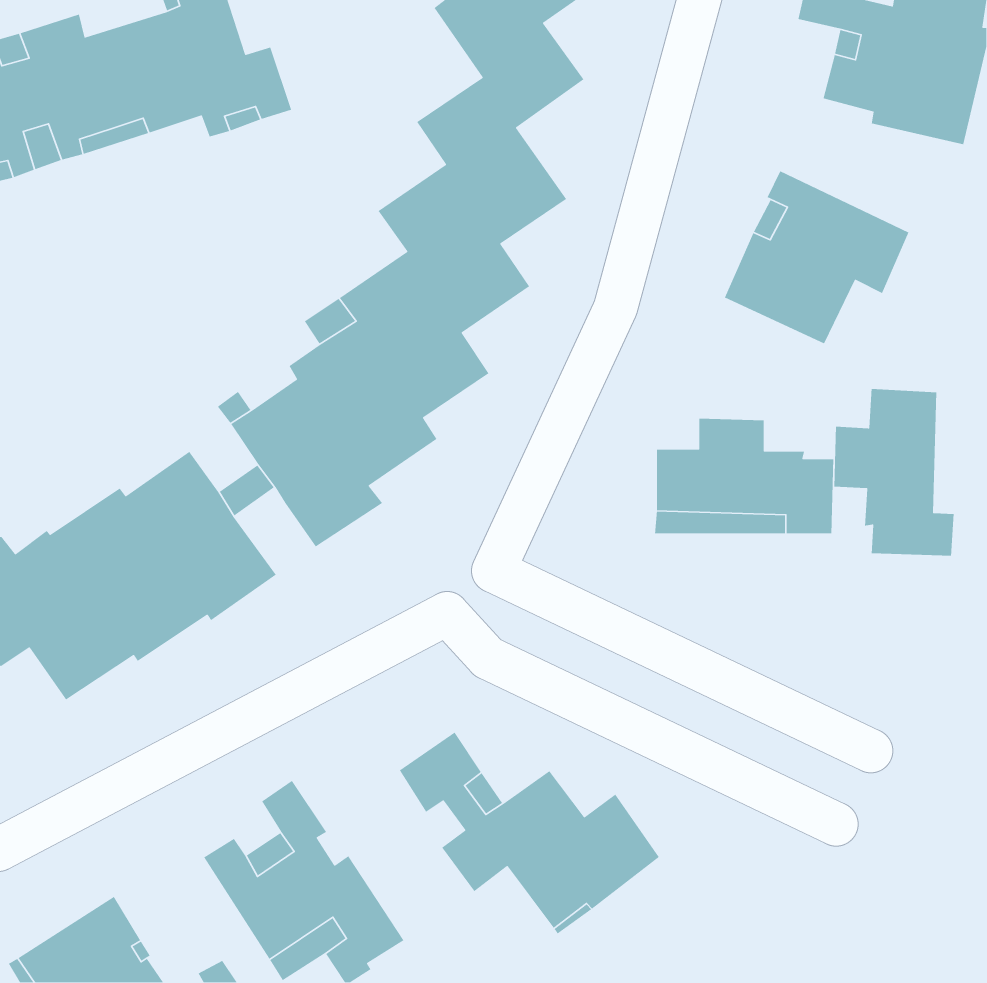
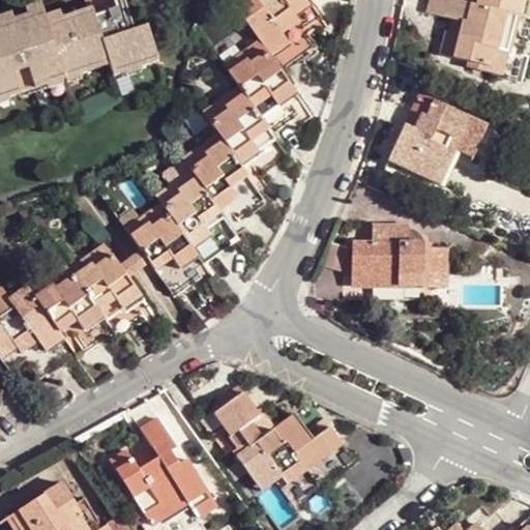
building: [833,388,954,557] -> none

